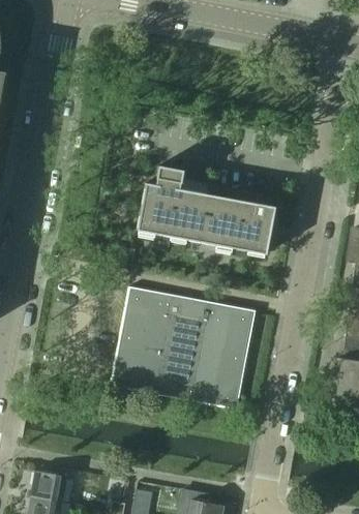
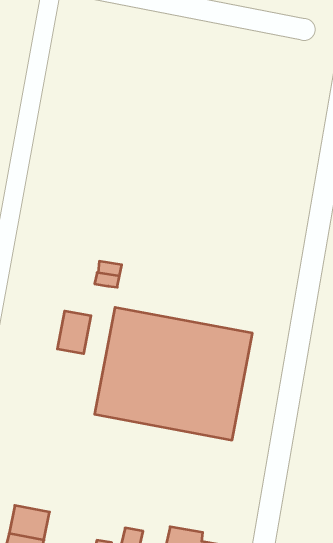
building: [137,165,275,254] -> none
building: none -> [57,311,91,354]

